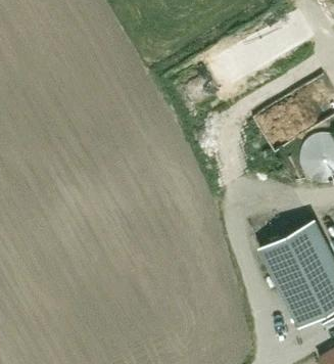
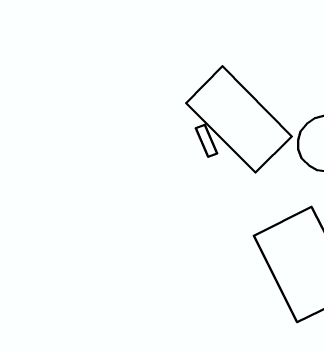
building: none -> [186,66,292,173]

